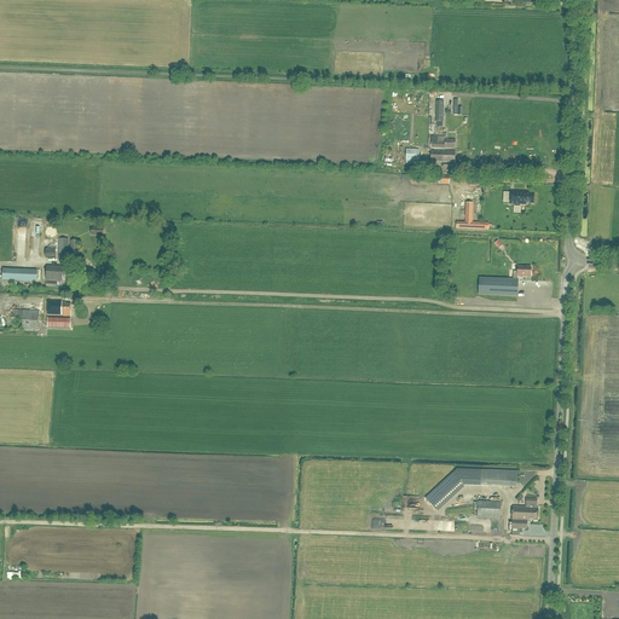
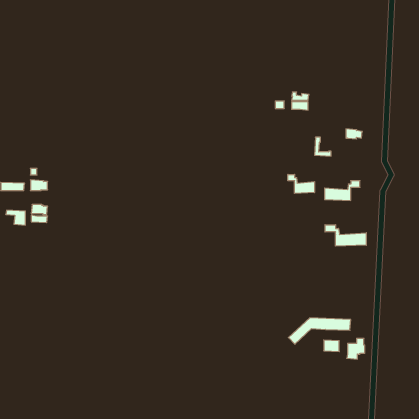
building: none -> [288,174,314,193]
building: none -> [325,225,366,246]

